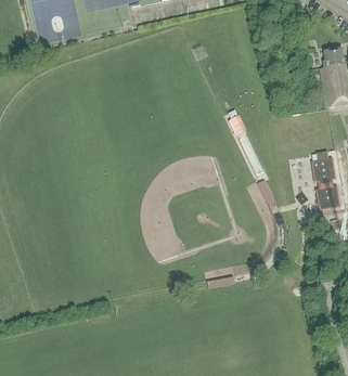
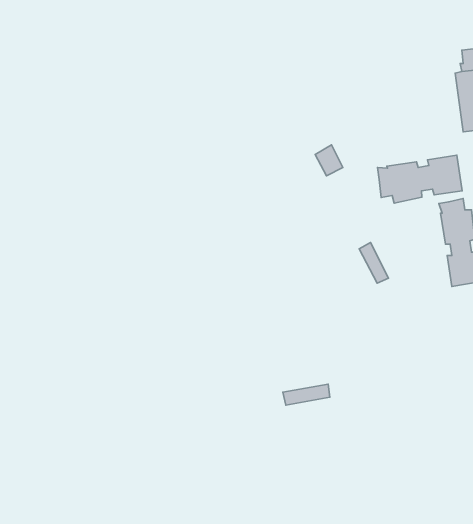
building: none -> [378,155,462,203]

